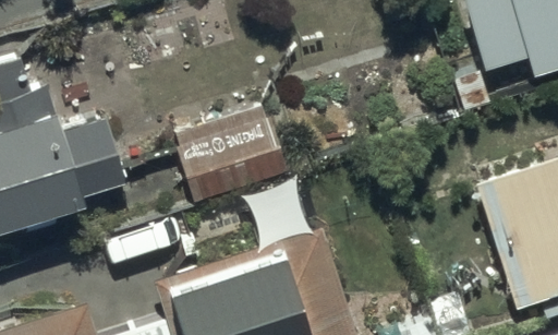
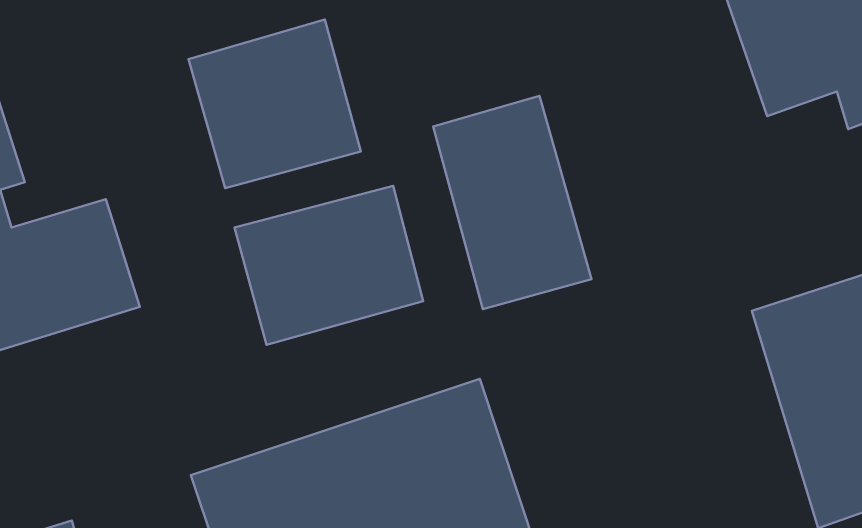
building: none -> [188,20,361,188]
building: none -> [433,96,592,309]

